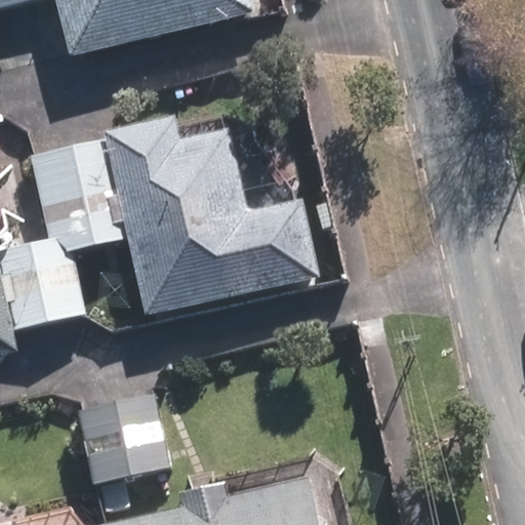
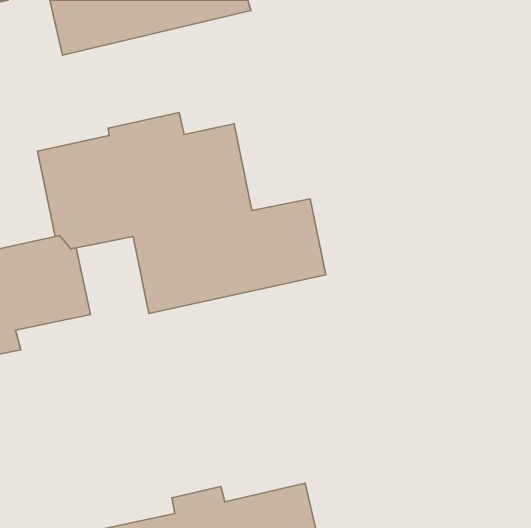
building: [74,391,168,480] -> none

